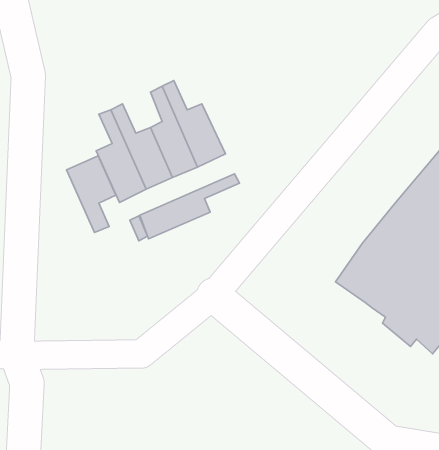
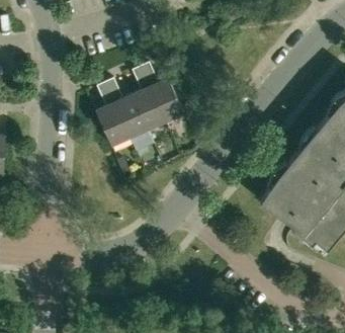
building: [67,156,116,233] -> none
building: [140,174,240,239] -> none

